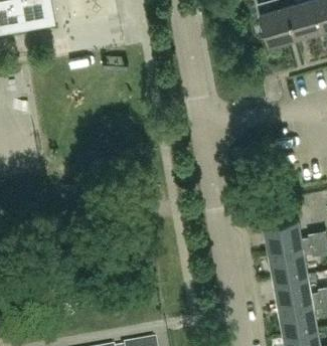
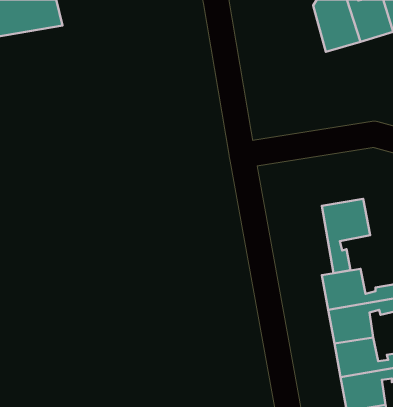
building: none -> [322,199,370,273]

